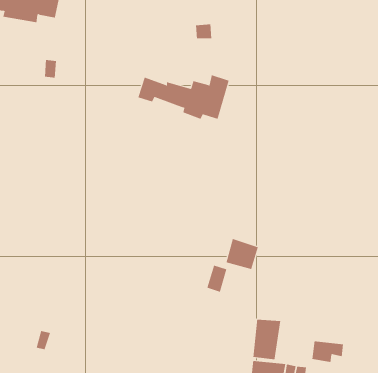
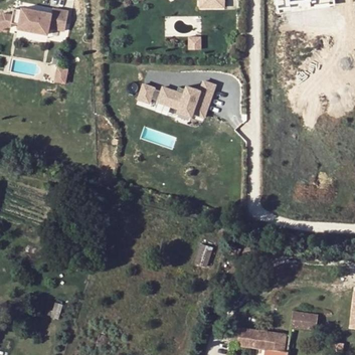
building: [226,238,258,270] -> none
building: [253,319,281,360] -> none

